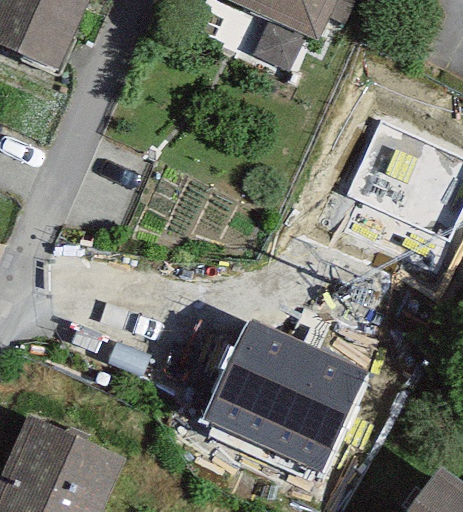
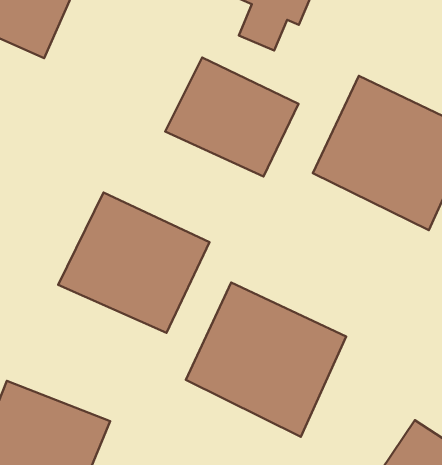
building: none -> [165,58,299,176]
building: none -> [58,192,210,333]

